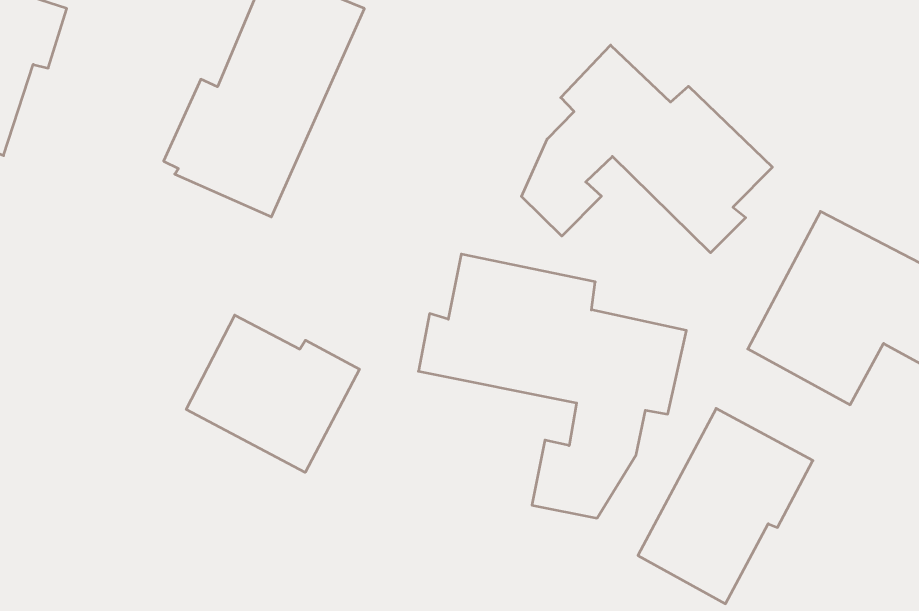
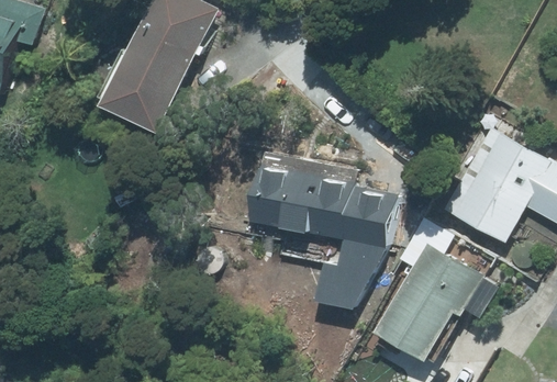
building: [521,45,772,253] -> none
building: [186,315,359,472] -> none

